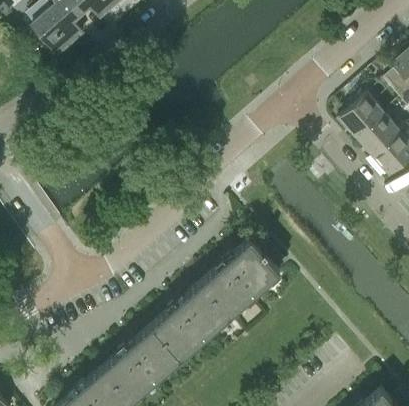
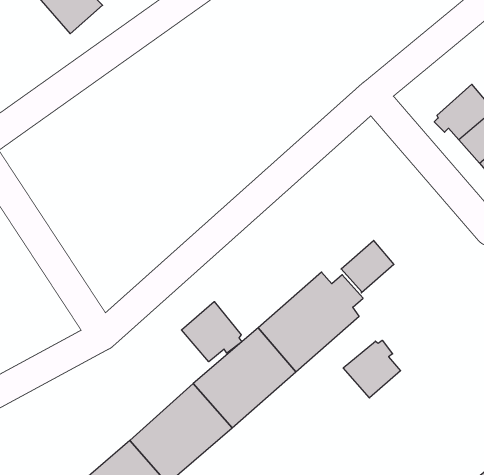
building: none -> [341,240,394,293]
building: none -> [181,302,242,362]
building: none -> [343,340,401,398]

